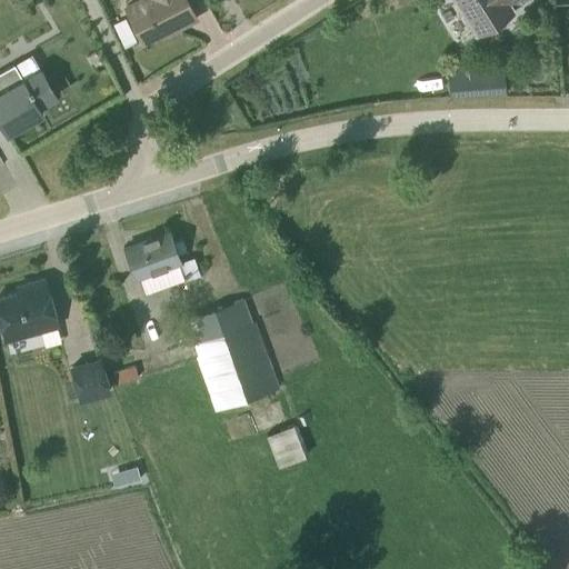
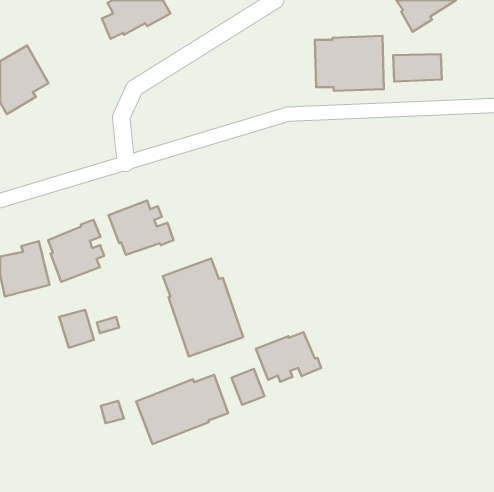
building: none -> [315,36,384,91]
building: none -> [48,220,104,282]
building: none -> [256,332,321,382]
building: none -> [136,375,228,444]

